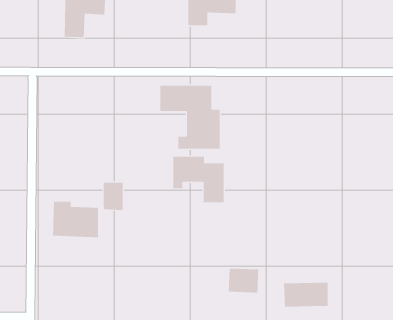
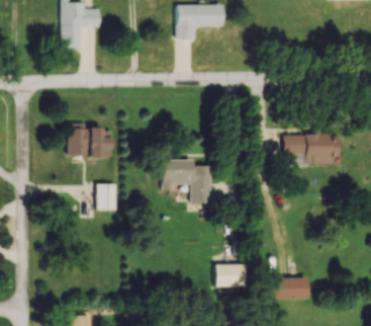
building: [160,85,220,149] -> none
building: none -> [284,134,339,166]
building: [52,201,99,238] -> [68,124,111,158]

